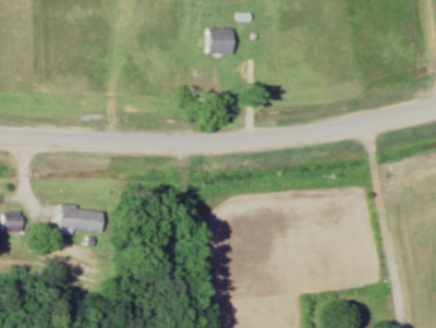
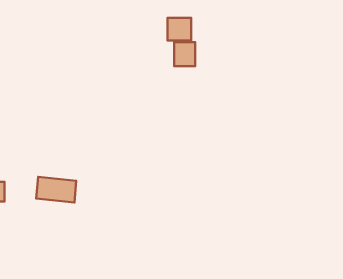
building: none -> [174,42,195,66]

